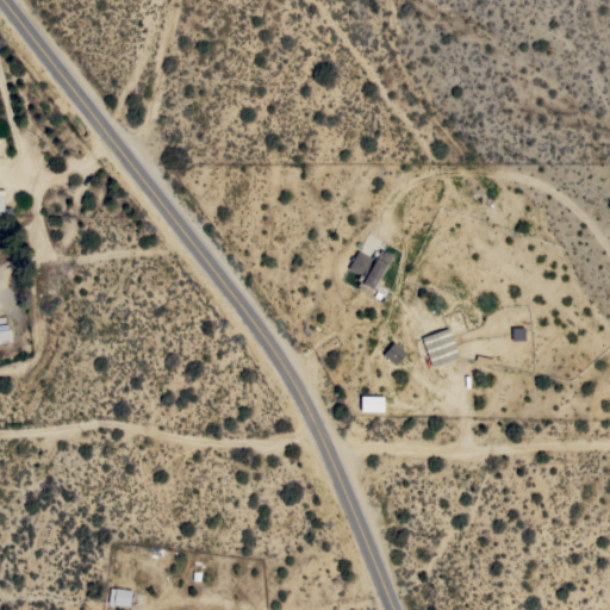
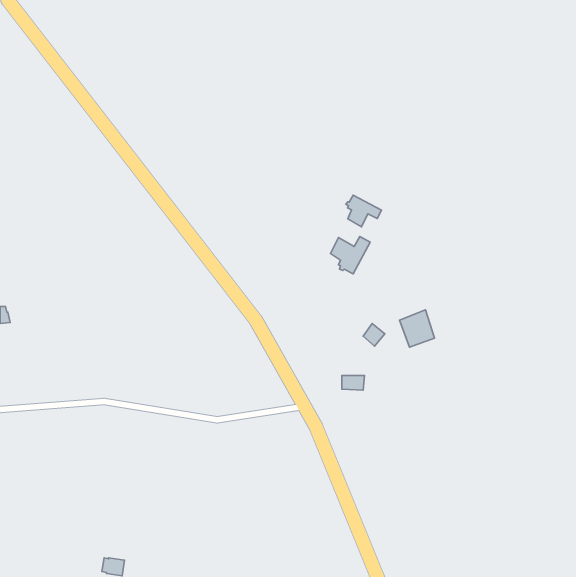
building: none -> [346,195,381,227]

